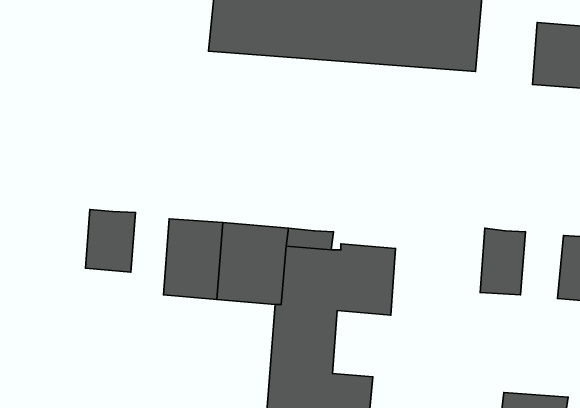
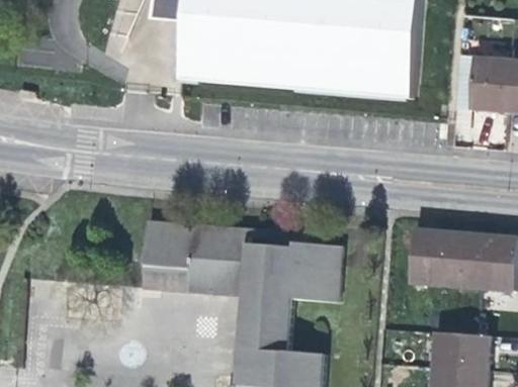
building: [86,209,135,272] -> none
building: none -> [446,232,483,289]
building: none -> [432,332,489,373]

